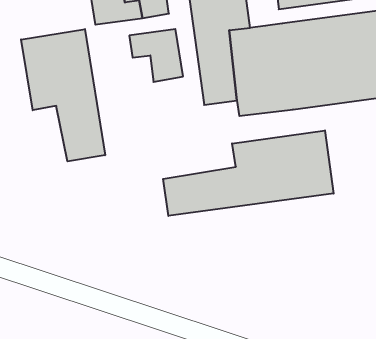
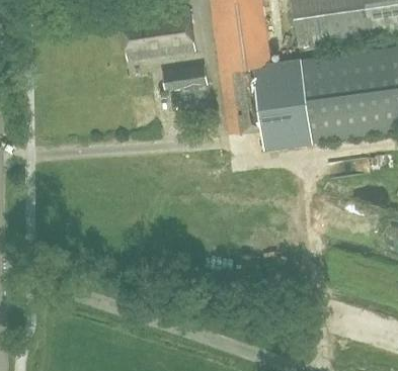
building: [21,29,105,161] -> none
building: [163,130,334,216] -> none

